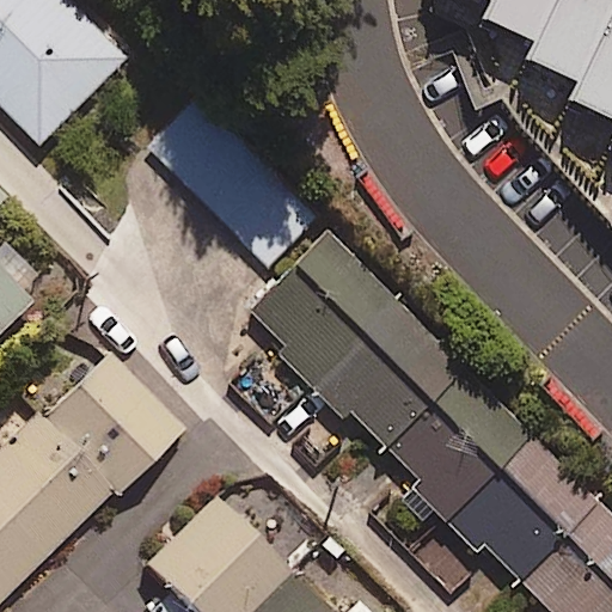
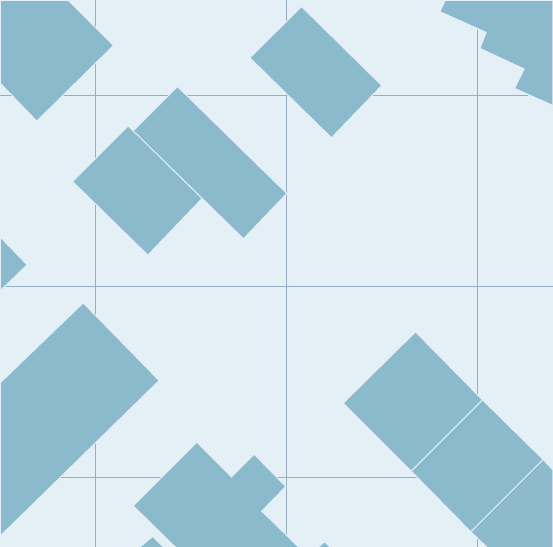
building: none -> [250,6,382,138]
building: none -> [72,126,202,255]
building: [253,247,459,452] -> none

